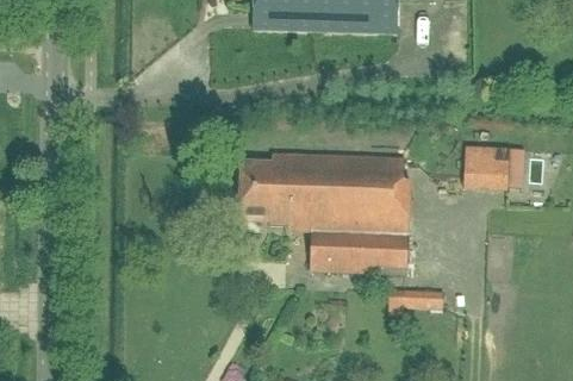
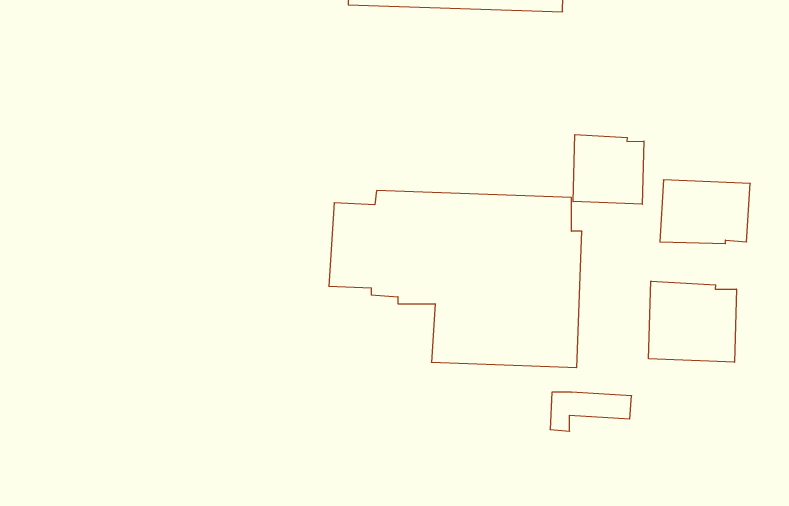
building: none -> [573,135,644,204]
building: none -> [649,281,736,362]

